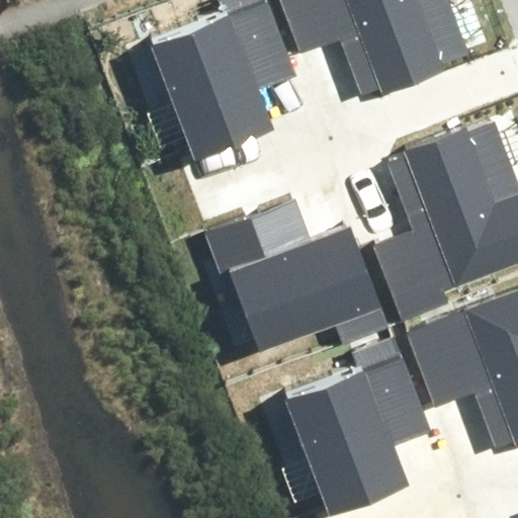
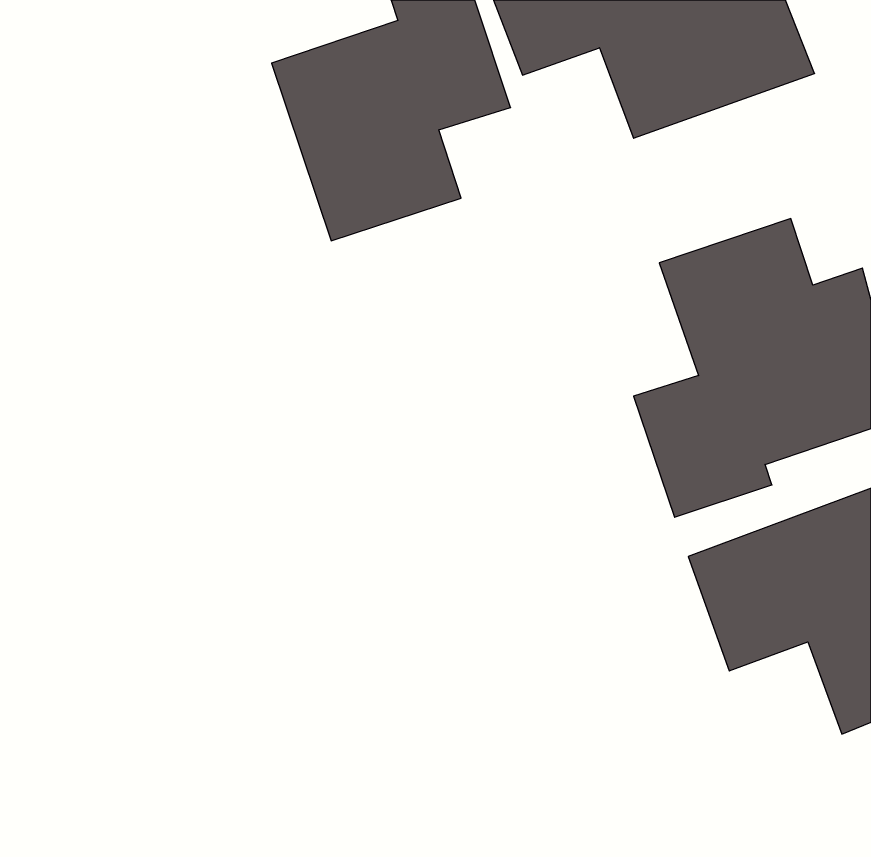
building: [202,189,392,344] -> none
building: [284,339,425,505] -> none

